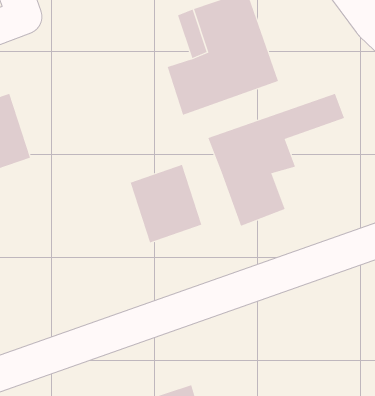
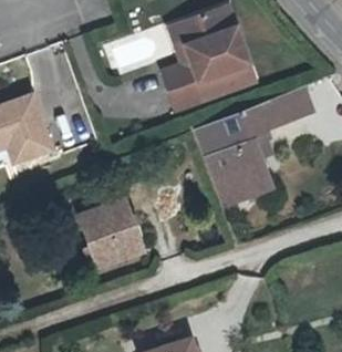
building: [130,164,202,243] -> [79,198,139,265]

